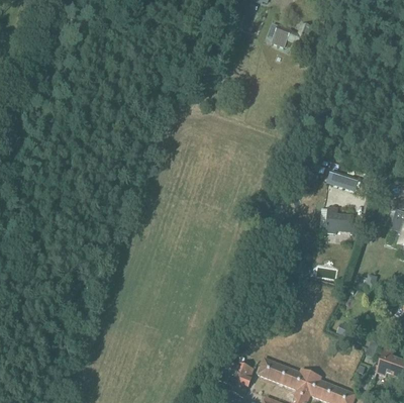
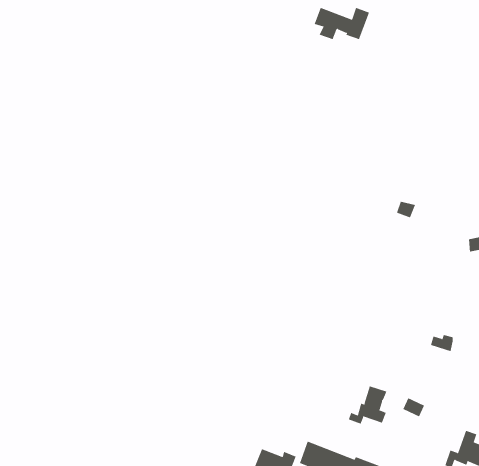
building: [325,205,354,232] -> none
building: none -> [348,385,387,425]

